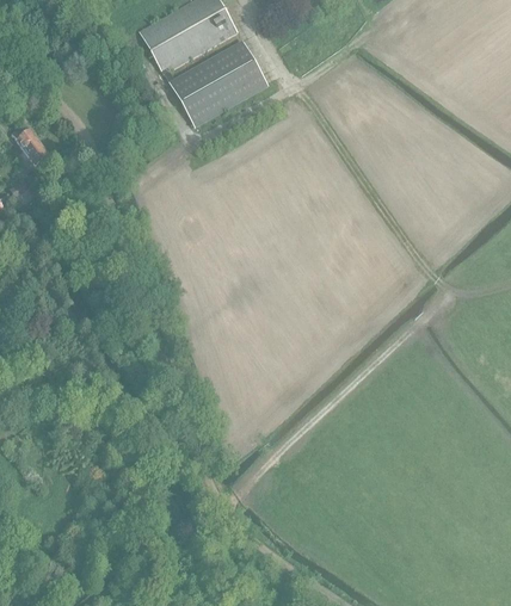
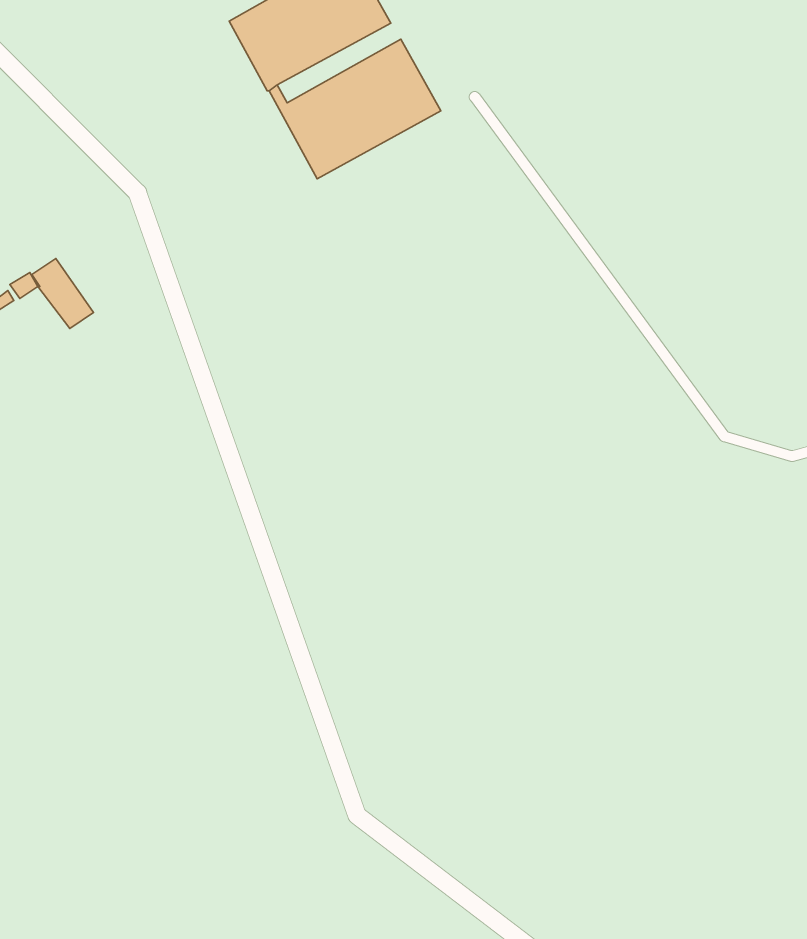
building: [12,123,49,165] -> [32,259,94,328]

